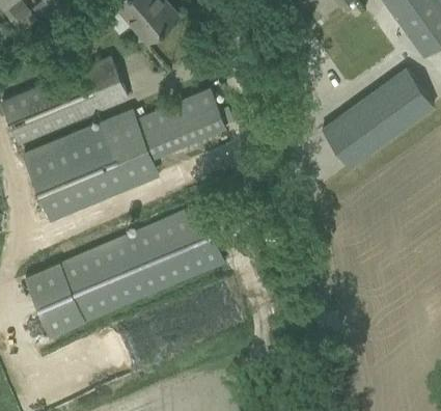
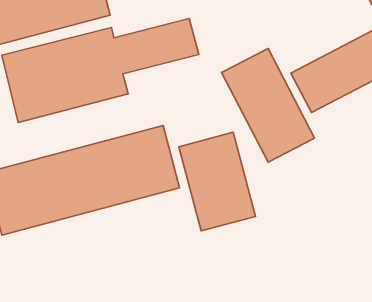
building: none -> [222,49,315,162]
building: none -> [179,132,256,231]

